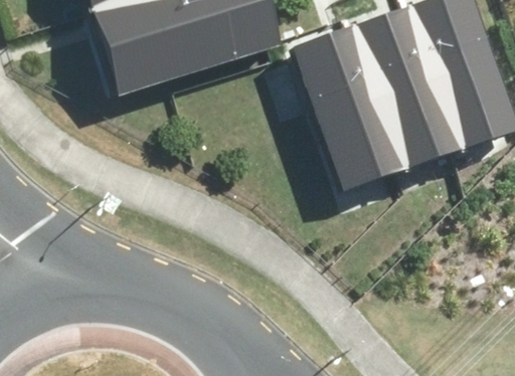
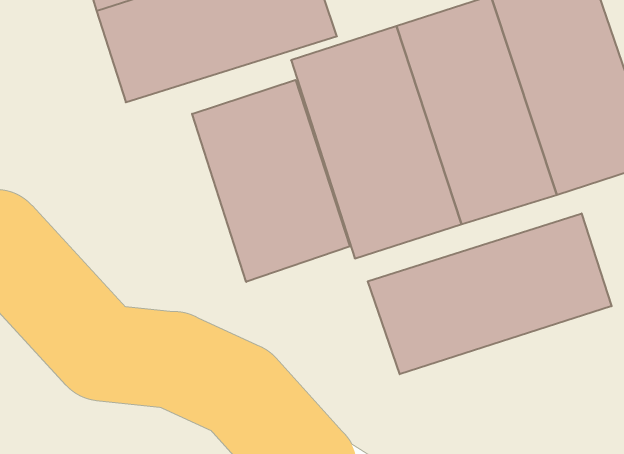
building: none -> [192,80,350,282]
building: none -> [368,213,612,374]

